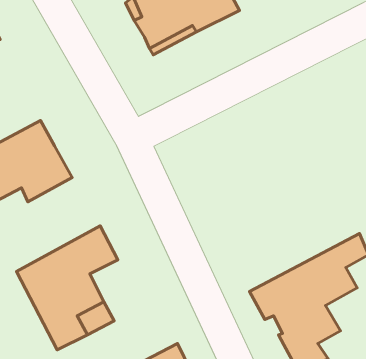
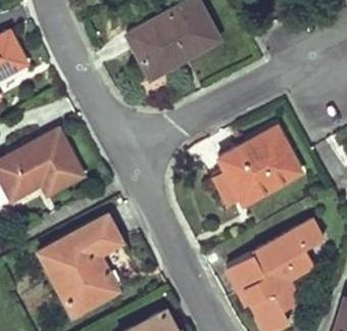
building: none -> [220,129,300,204]

